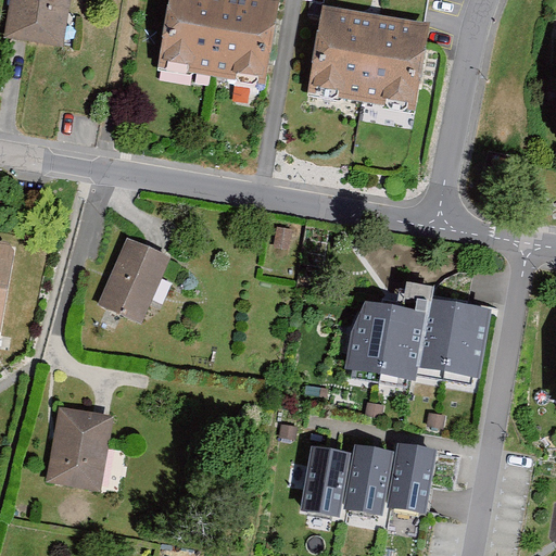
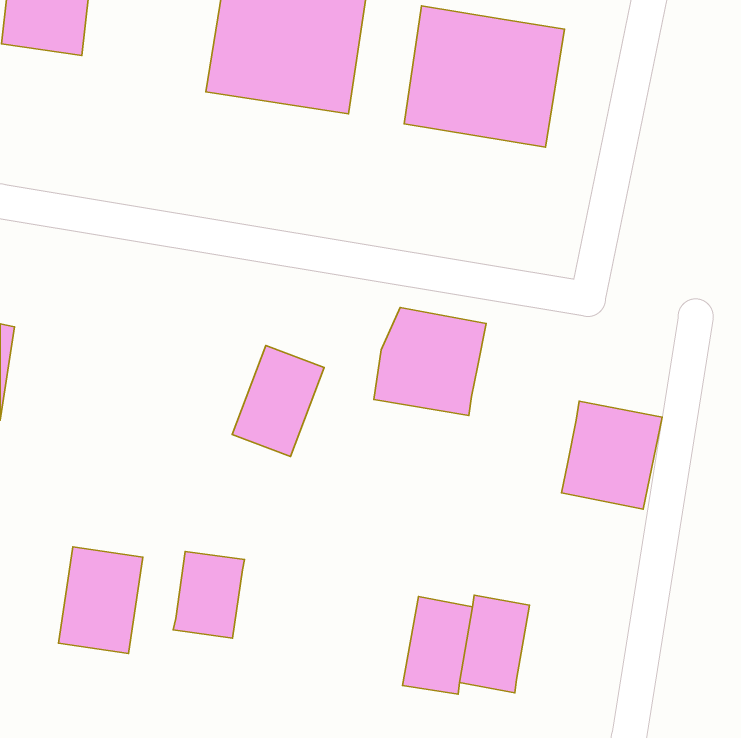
building: [101,237,169,319] -> [232,346,324,456]
building: [349,301,432,381] -> [374,308,486,415]
building: none -> [173,552,244,638]
building: [388,443,441,514] -> none

